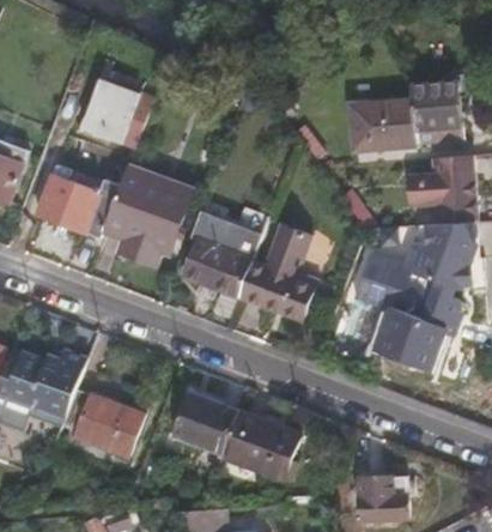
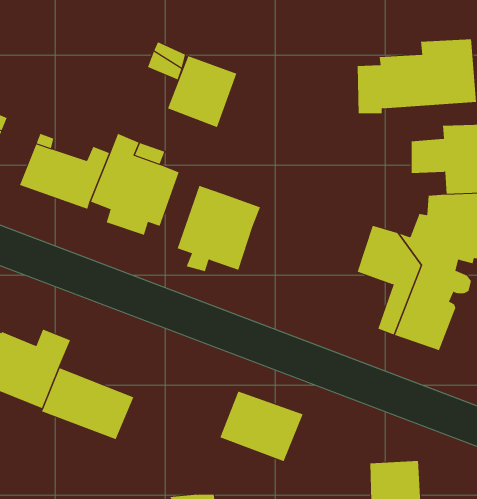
building: [90,83,154,150] -> [167,55,237,128]
building: [241,226,317,322] -> none
building: [171,388,241,457] -> none

